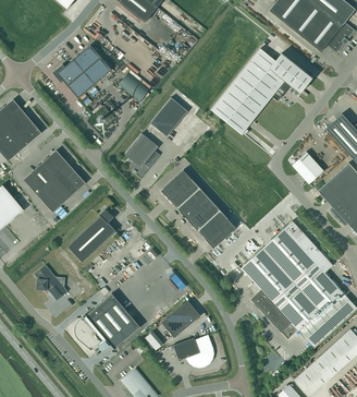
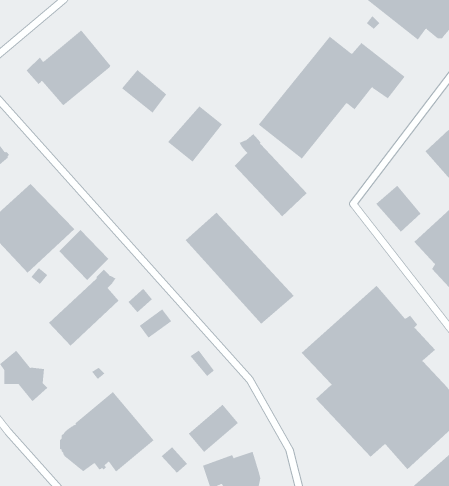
building: none -> [234,133,308,217]
building: [124,133,160,176] -> none
building: none -> [58,229,109,281]

